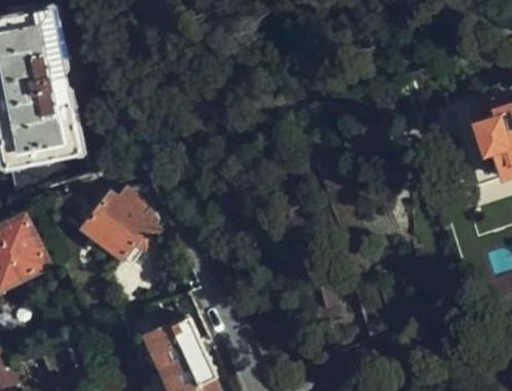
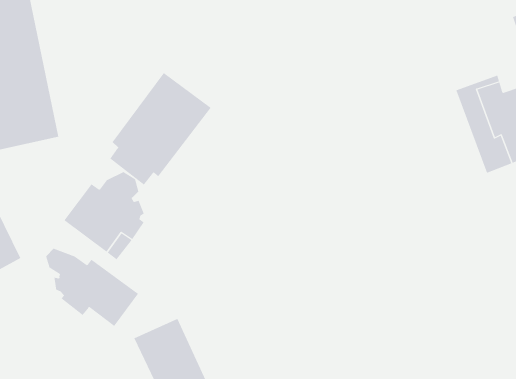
building: none -> [109,72,212,185]
building: none -> [46,248,139,327]

